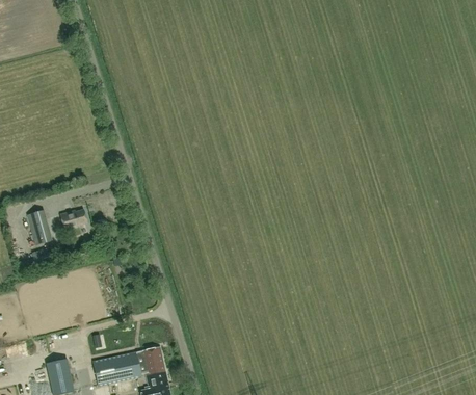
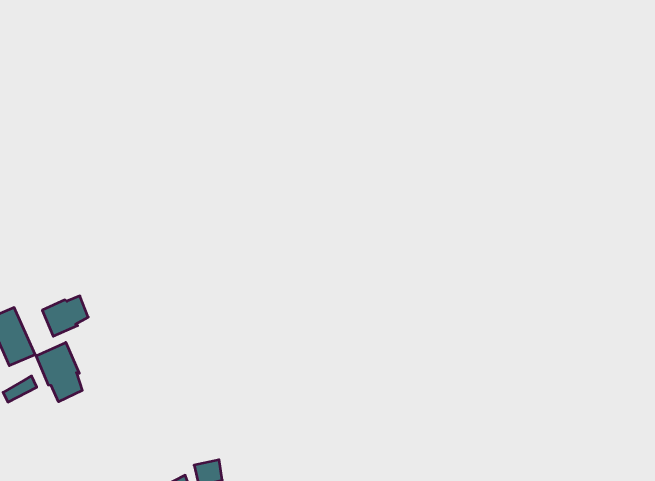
building: none -> [36,342,82,402]

